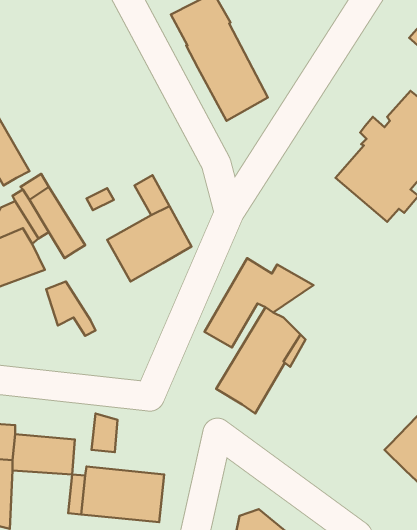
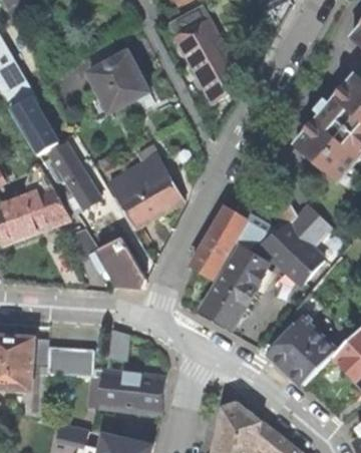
building: none -> [90,53,148,110]
building: none -> [261,194,331,279]
building: none -> [104,246,145,286]
building: none -> [269,317,336,386]

